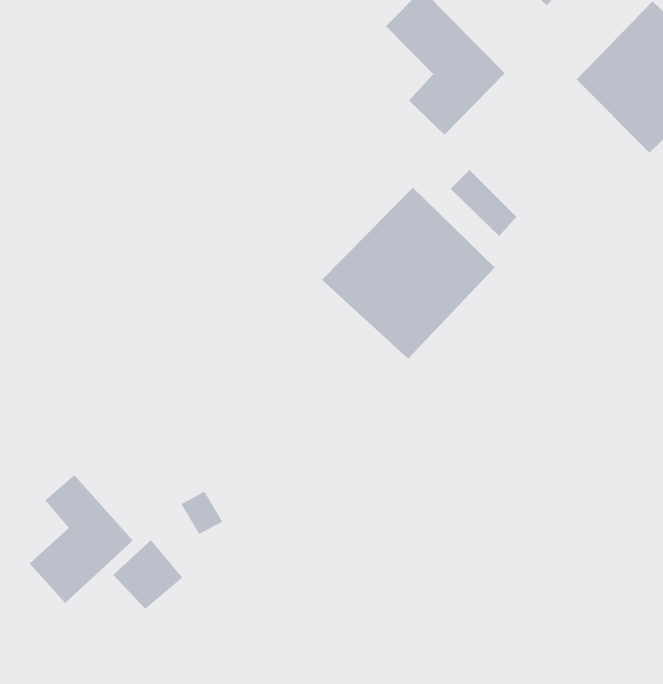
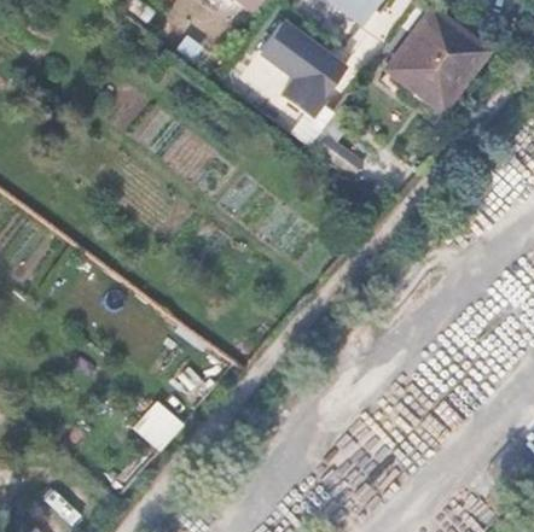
building: [321,187,495,360] -> none
building: [29,474,134,604] -> none

